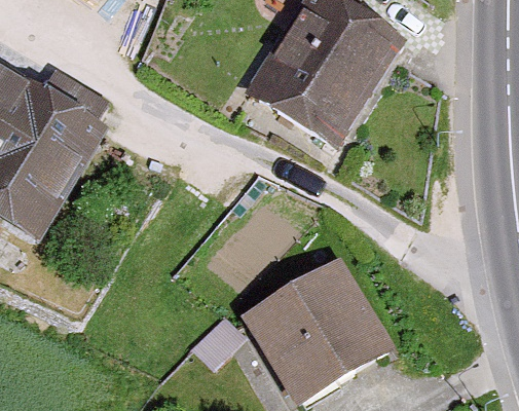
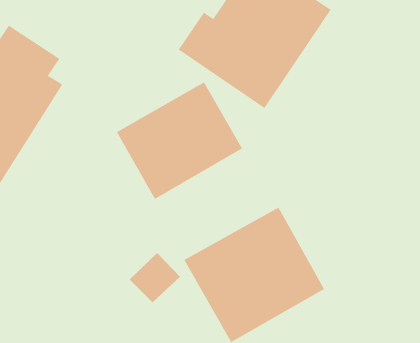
building: none -> [116,82,243,200]

